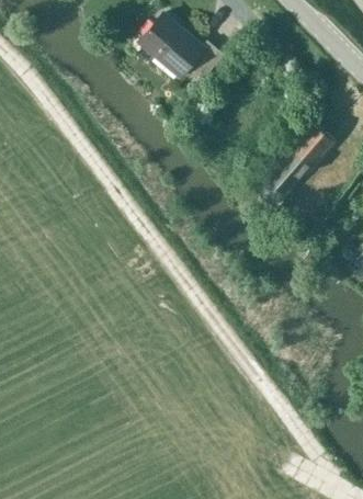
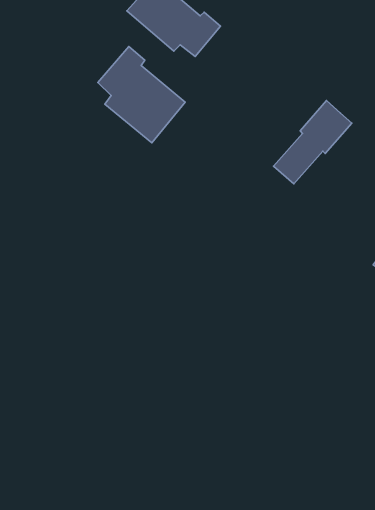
building: none -> [98,47,185,143]

